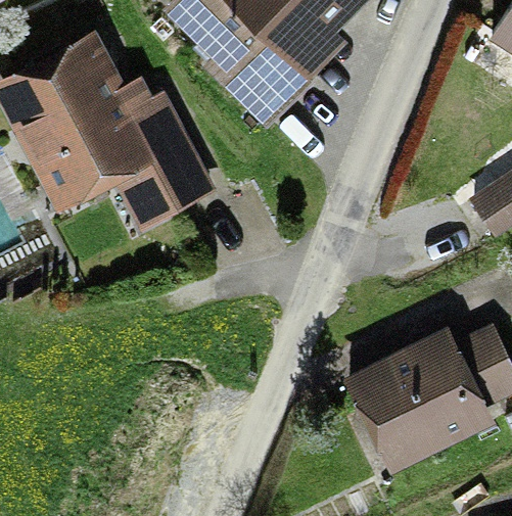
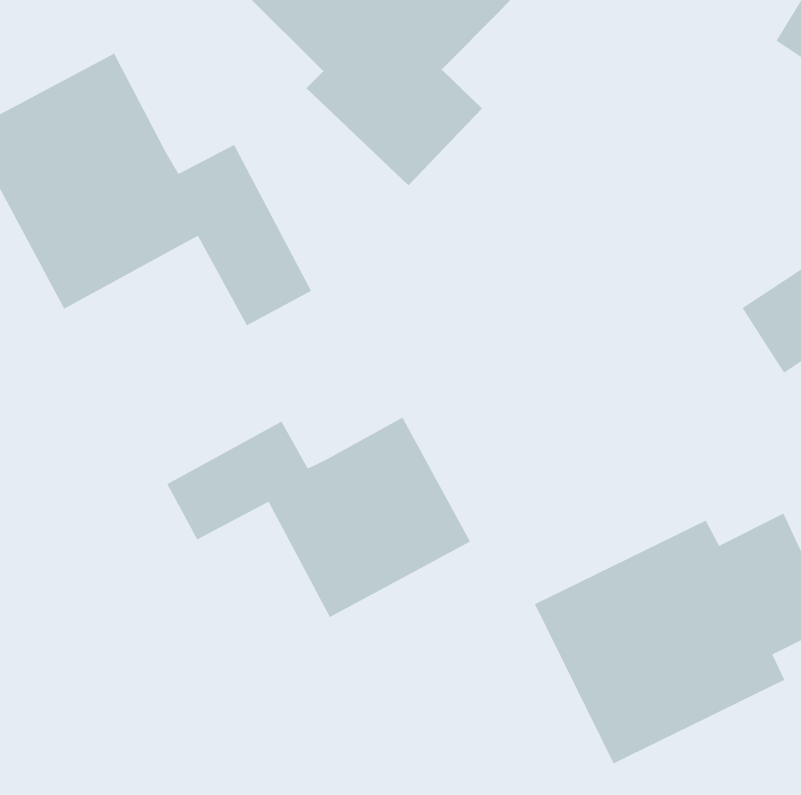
building: none -> [166,416,471,618]

